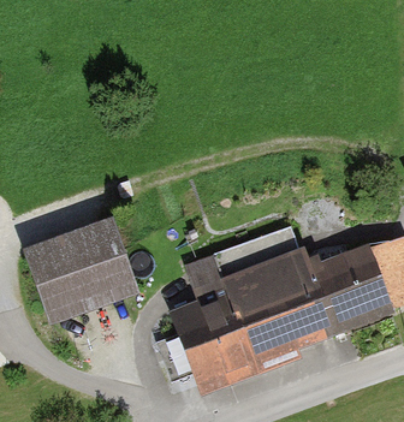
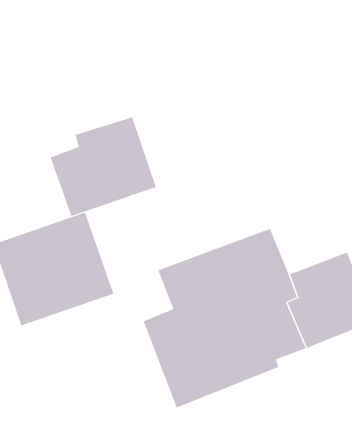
building: none -> [50,117,156,217]

